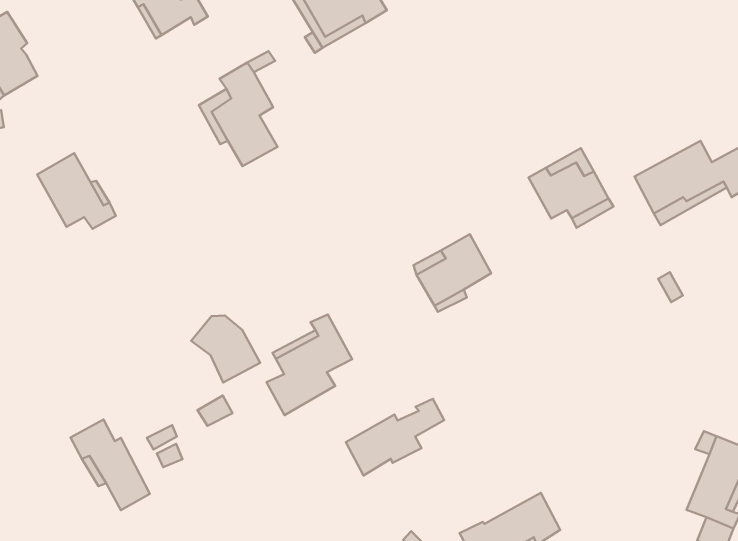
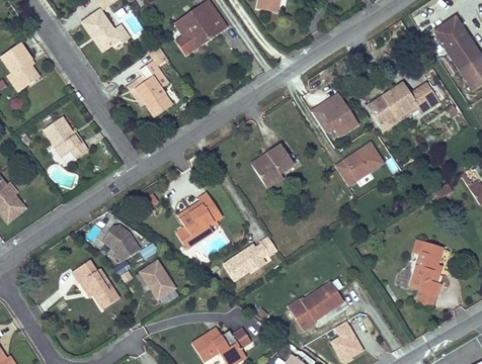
building: none -> [334,142,384,186]
building: [191,315,260,382] -> [101,224,140,261]
building: none -> [140,260,174,297]

